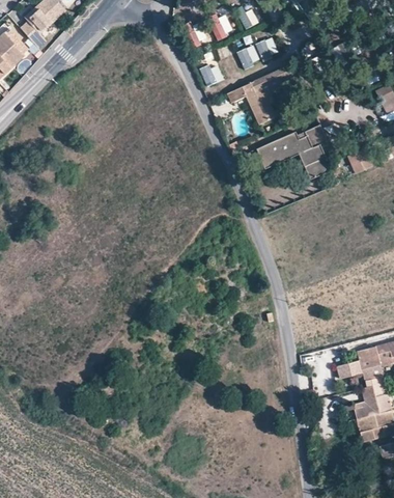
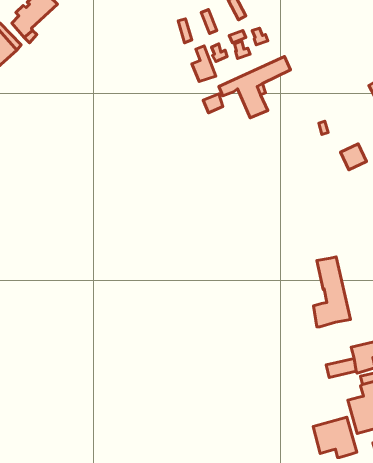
building: [253,121,330,176] -> none
building: none -> [314,257,350,327]
building: none -> [313,417,357,458]

